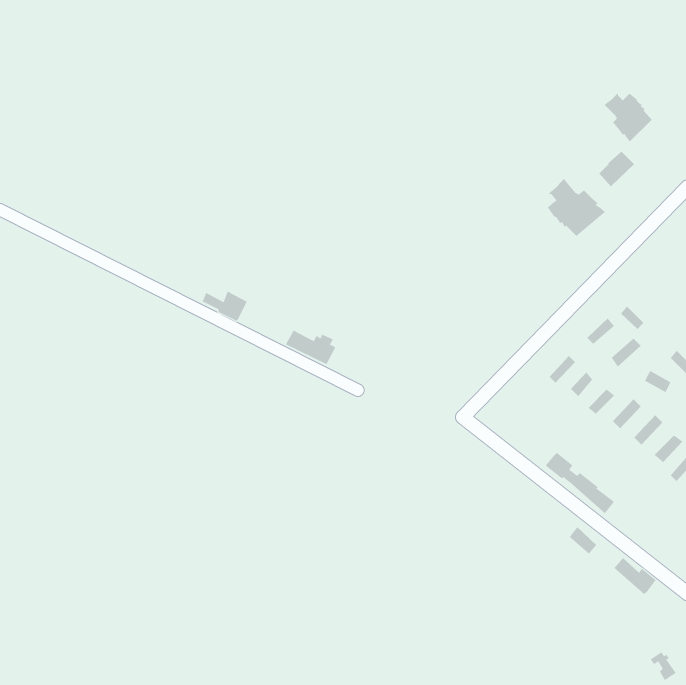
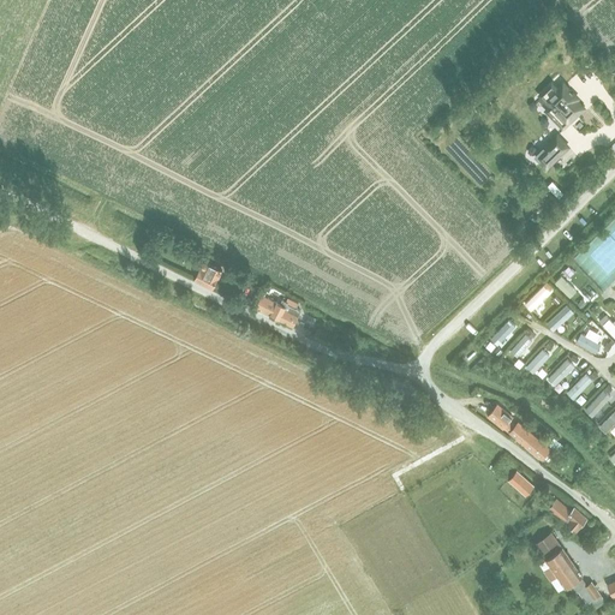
building: [547,178,606,237] -> none
building: none -> [535,533,581,589]

